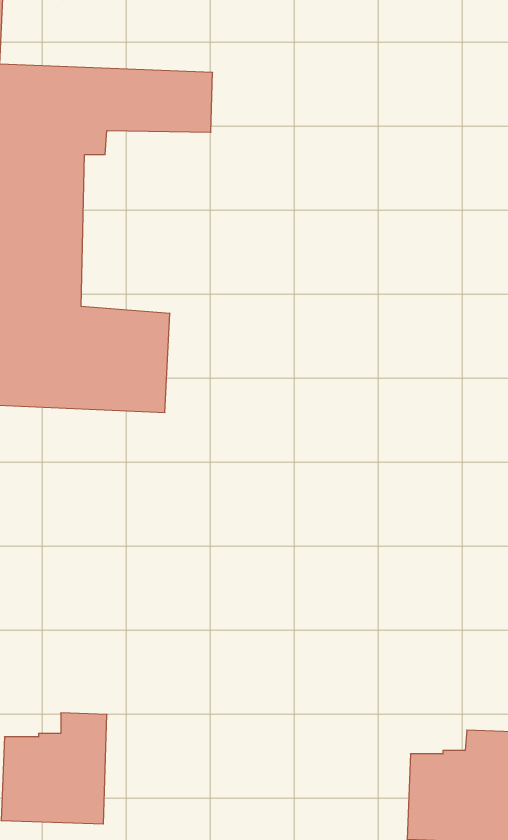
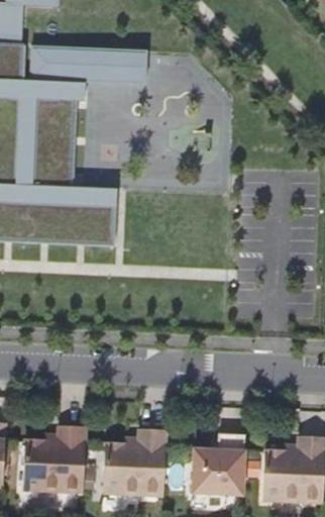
building: none -> [103,428,166,494]
building: none -> [192,432,244,496]

